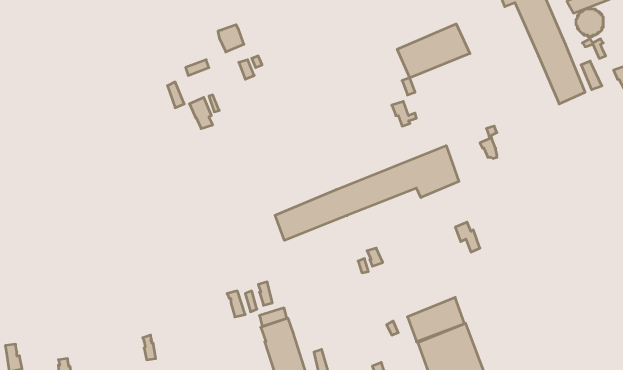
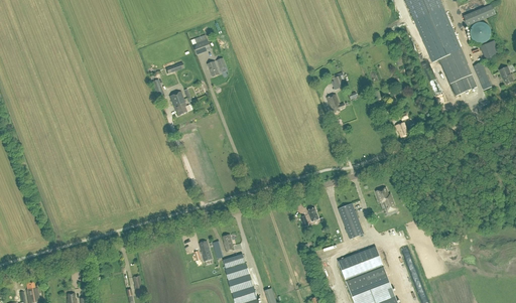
building: [397,24,470,78] -> none
building: [275,146,459,240] -> none
building: none -> [338,203,363,239]

